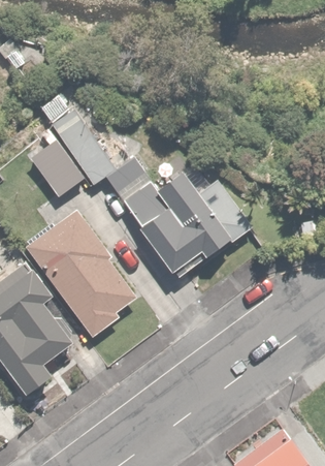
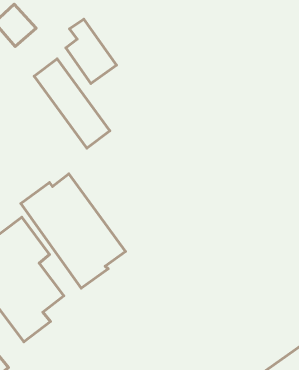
building: [28,128,83,197] -> [66,19,117,83]
building: [107,160,249,280] -> none

